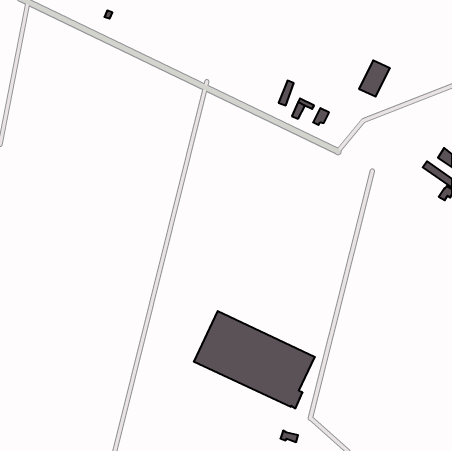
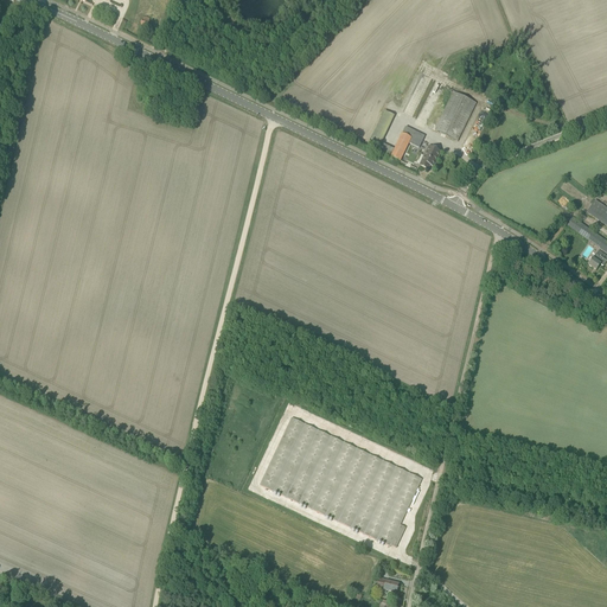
building: [359,60,390,97] -> [435,90,477,139]

